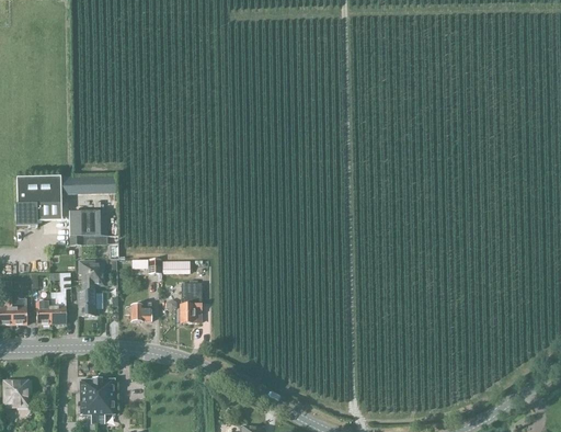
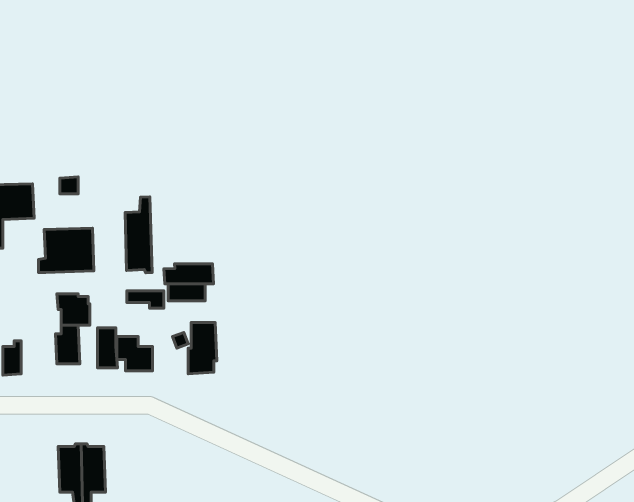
building: none -> [125,197,152,273]
building: none -> [164,264,213,284]
building: [51,293,67,323] -> [97,328,117,368]

